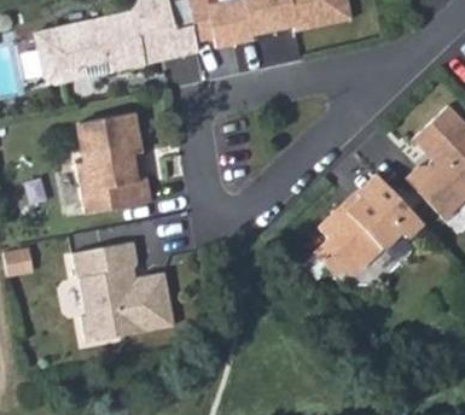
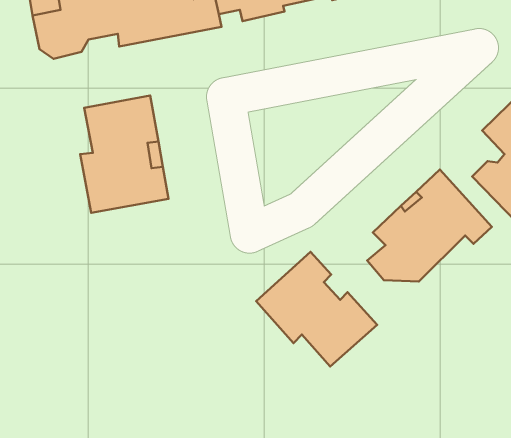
building: [71,241,174,341] -> none
building: none -> [256,252,377,366]

